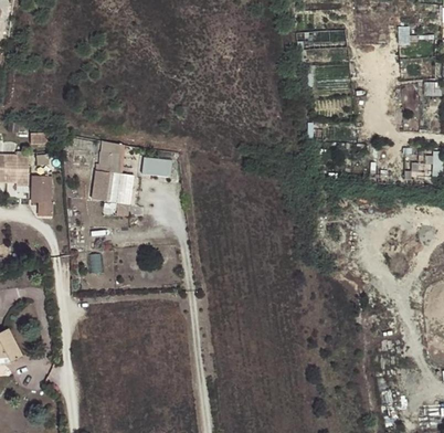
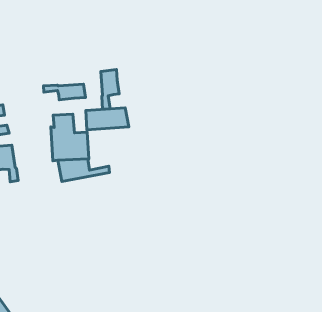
building: none -> [101,69,119,109]
building: none -> [44,84,86,100]

